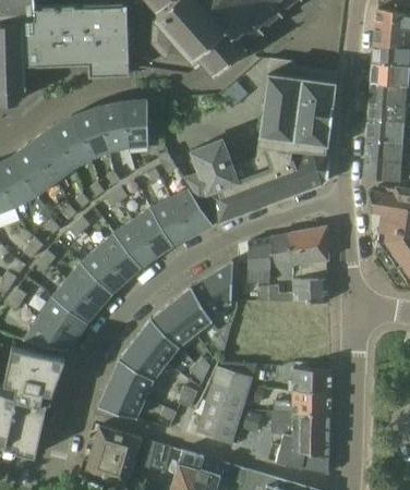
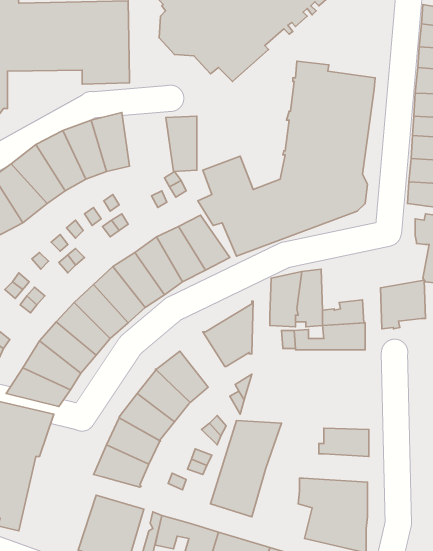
building: [121,100,147,147] -> [166,116,197,172]
building: [290,228,328,269] -> [381,280,426,329]
building: [170,287,213,334] -> none
building: [275,391,330,415] -> none

